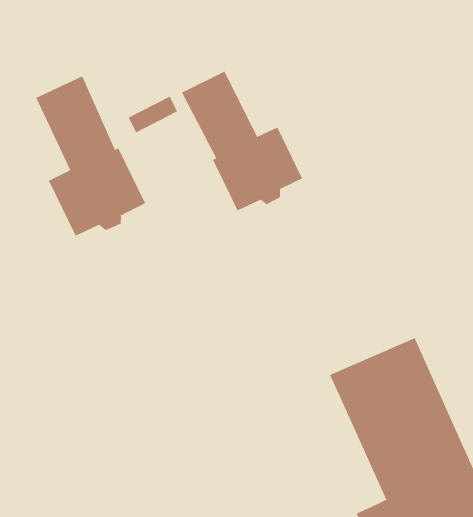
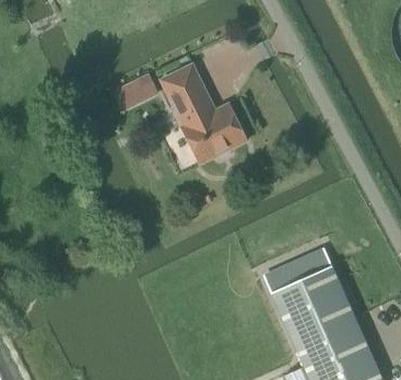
building: [35,76,146,236] -> none

